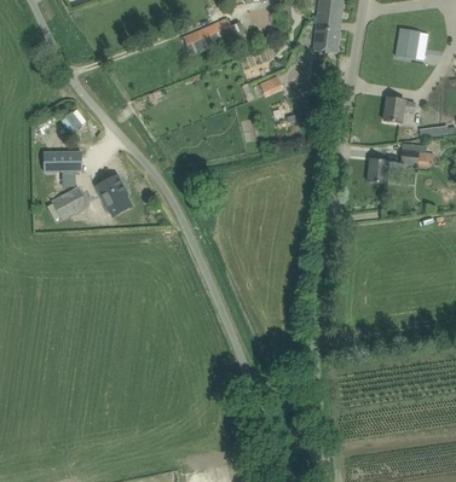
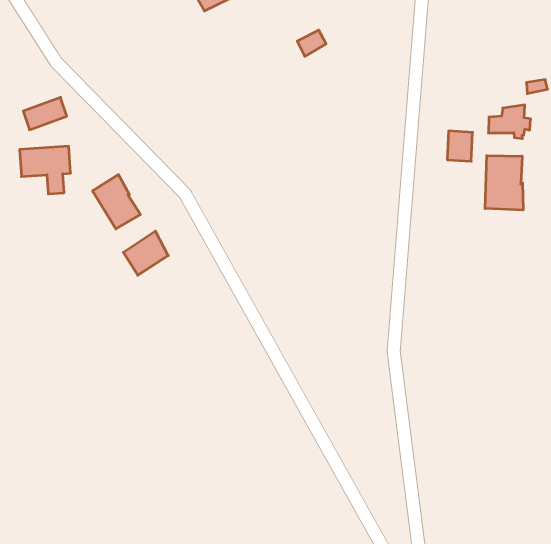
building: [383,97,415,122] -> none
building: none -> [485,156,523,210]
building: [53,186,87,219] -> [123,231,168,275]

